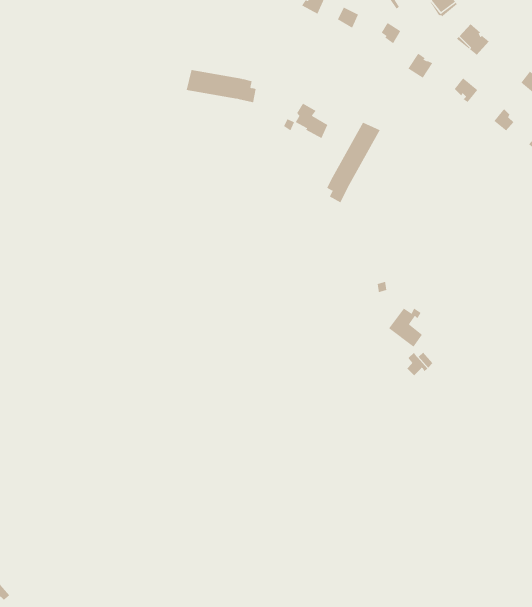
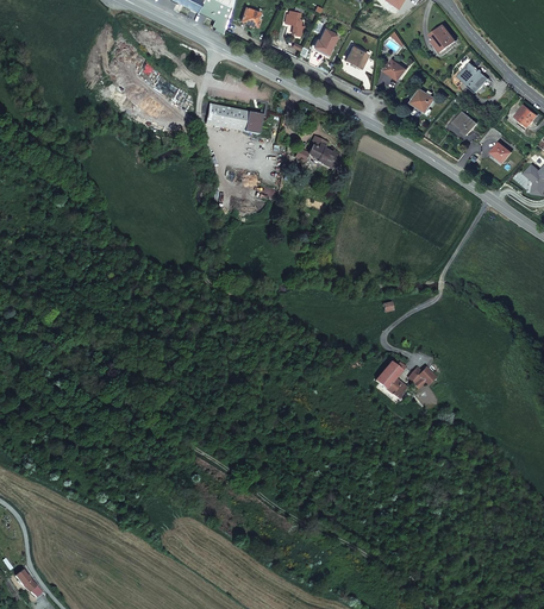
building: [327,122,381,203] -> none
building: [388,308,423,348] -> [374,360,406,397]

